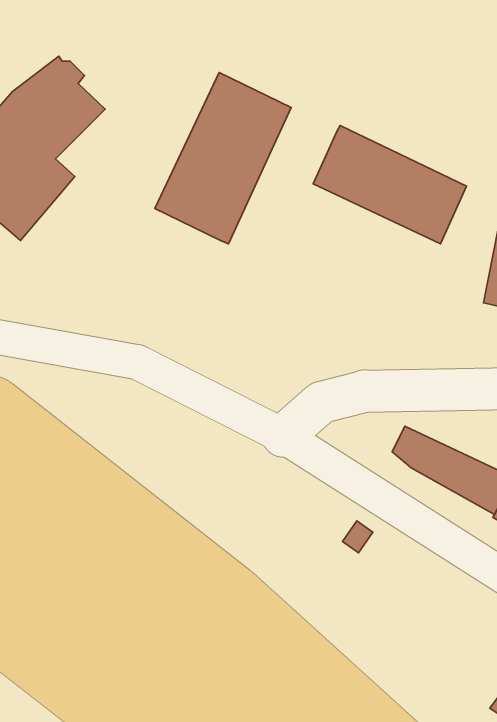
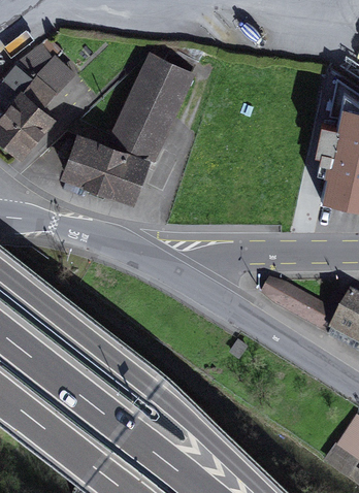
building: [313,125,466,244] -> none
building: none -> [61,131,151,204]

